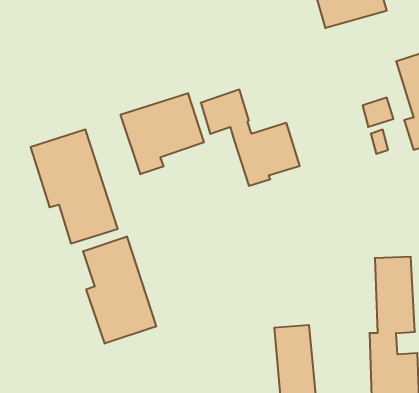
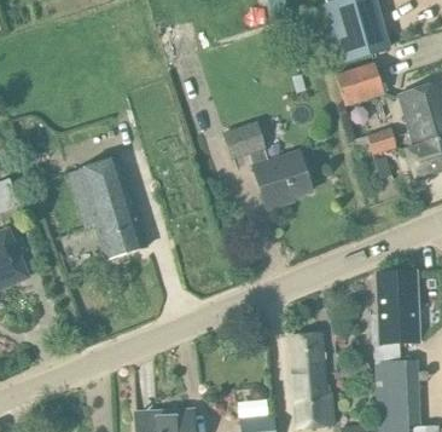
building: none -> [335,62,384,105]
building: [121,93,204,174] -> none
building: [83,236,156,344] -> none

